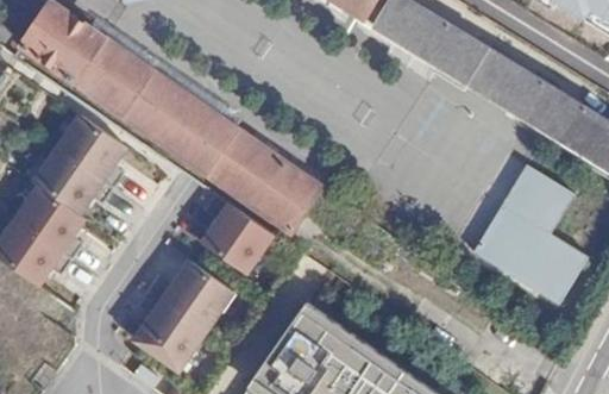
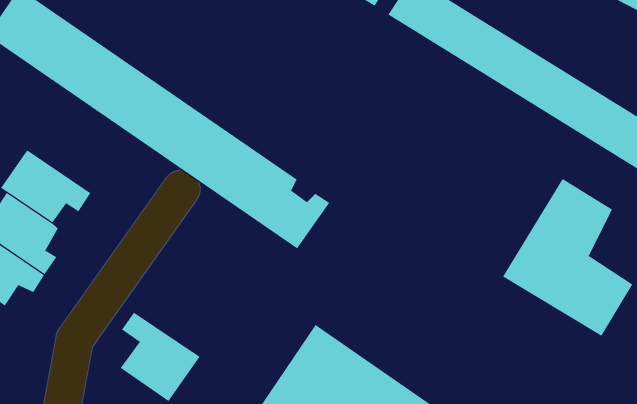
building: [55,113,124,185] -> none
building: [202,190,272,270] -> none
building: [147,258,232,327] -> none

